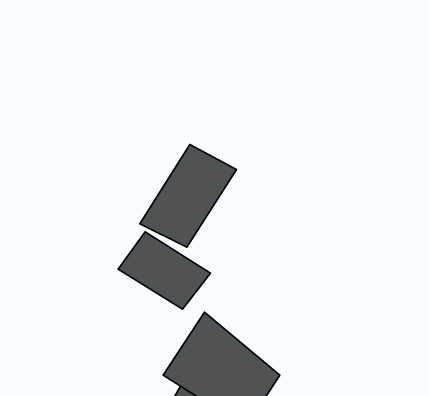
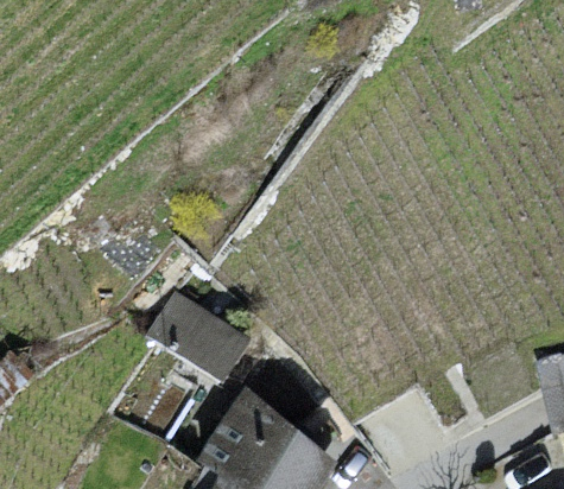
building: [140,145,236,247] -> none

